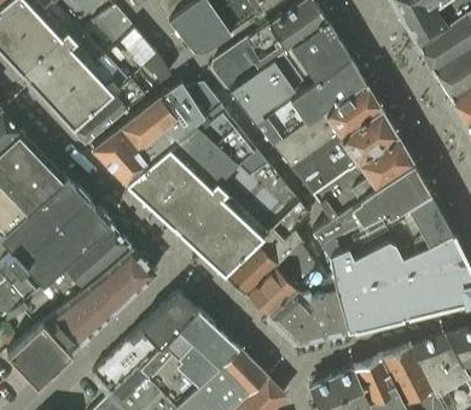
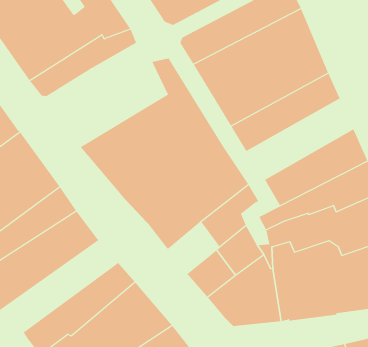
building: [92,83,205,184] -> none
building: [290,105,394,195] -> none
building: [225,244,275,297] -> none

